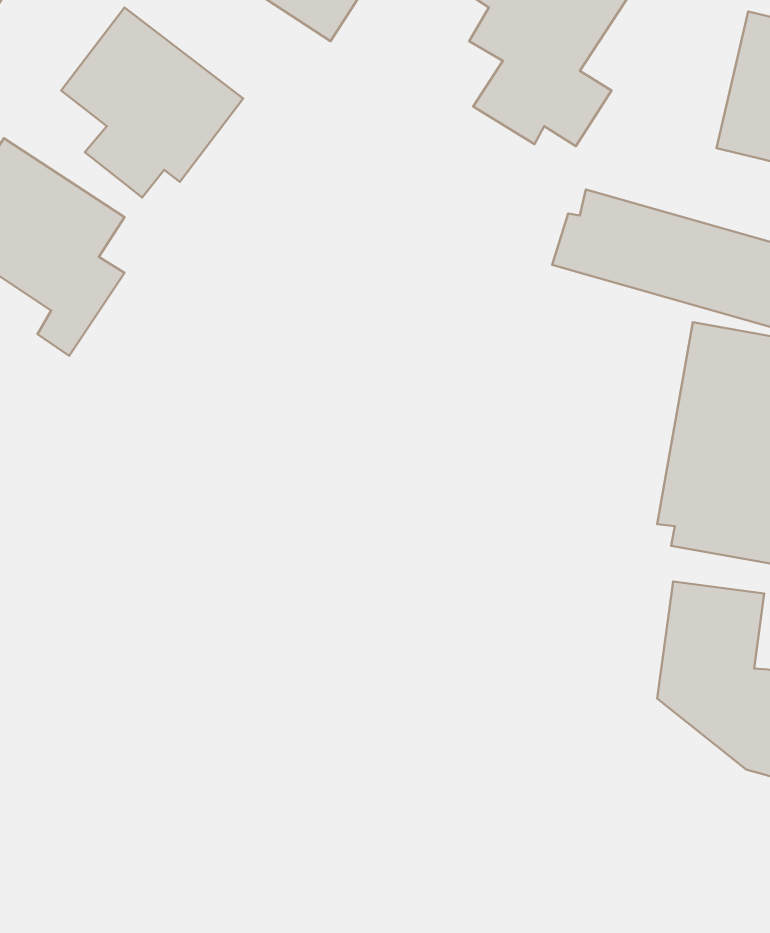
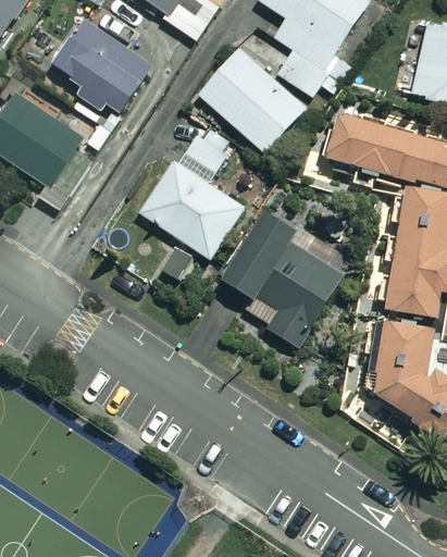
building: none -> [199,46,307,151]
building: none -> [140,129,245,257]
building: none -> [225,212,346,346]

